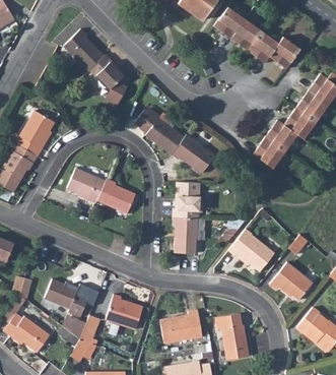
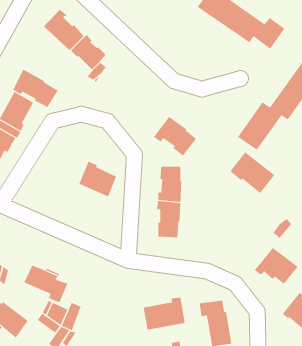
building: none -> [13,69,58,108]
building: [135,109,186,154] -> none
building: [67,168,107,203] -> none
building: [229,230,274,271] -> [229,151,275,194]
building: [107,295,142,329] -> none

